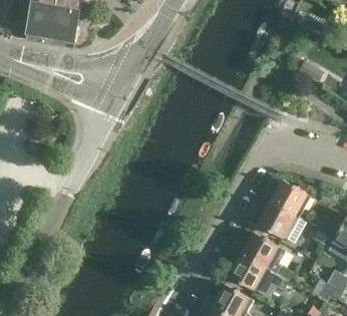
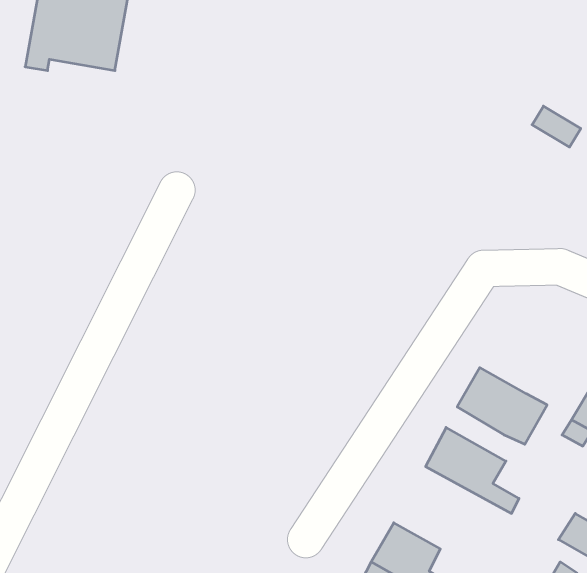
building: [270,182,307,216] -> none
building: [229,255,287,290] -> none

